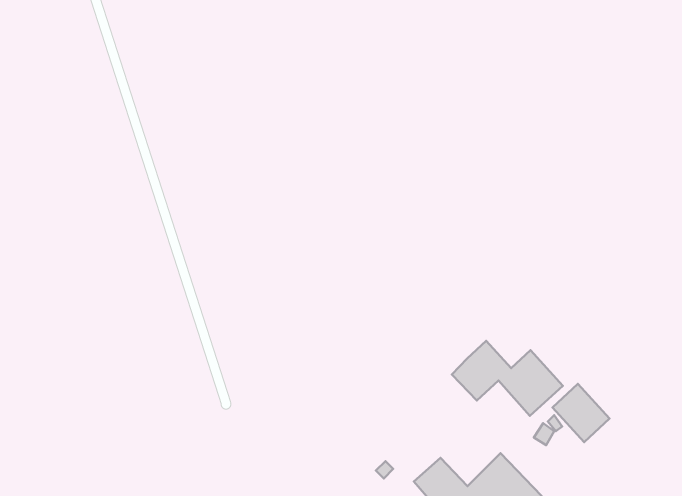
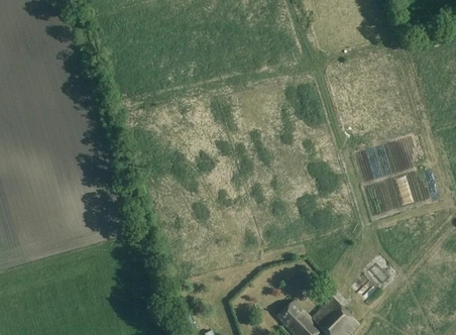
building: [452,341,563,416] -> none

